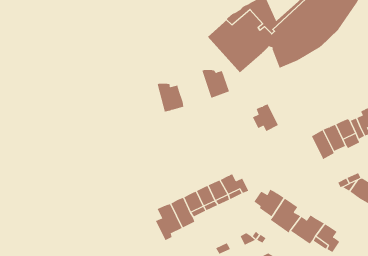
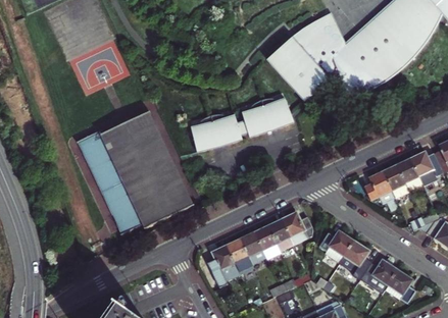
building: none -> [236,98,270,137]
building: none -> [80,109,197,232]
building: none -> [190,113,218,151]
building: [252,103,279,132] -> [365,171,395,203]

